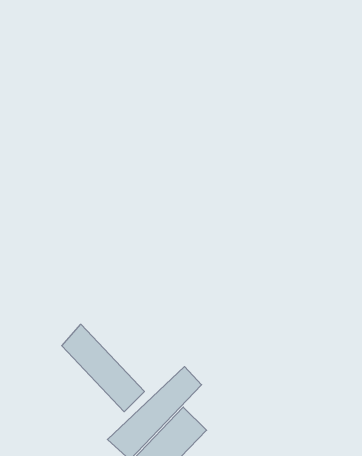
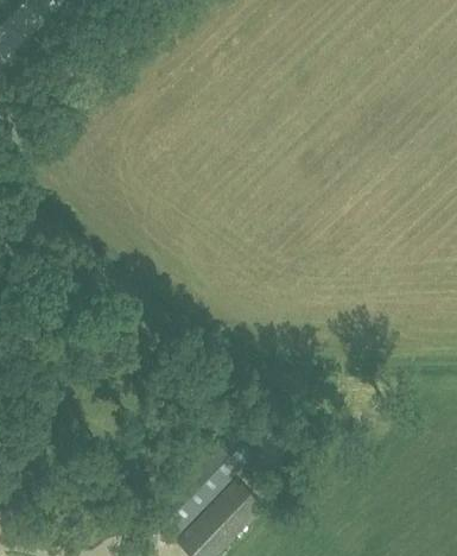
building: [62,324,144,412] -> none

